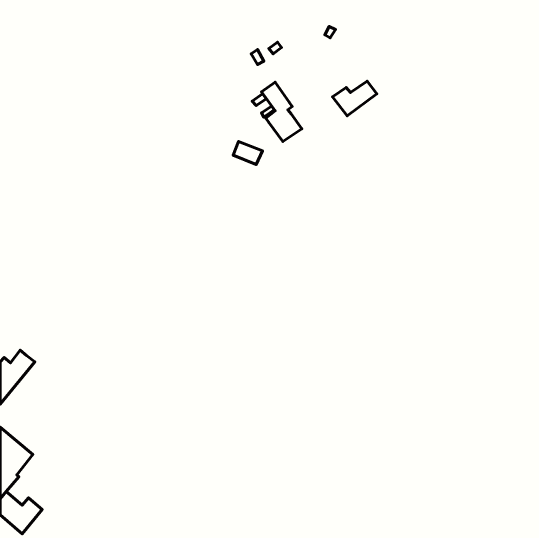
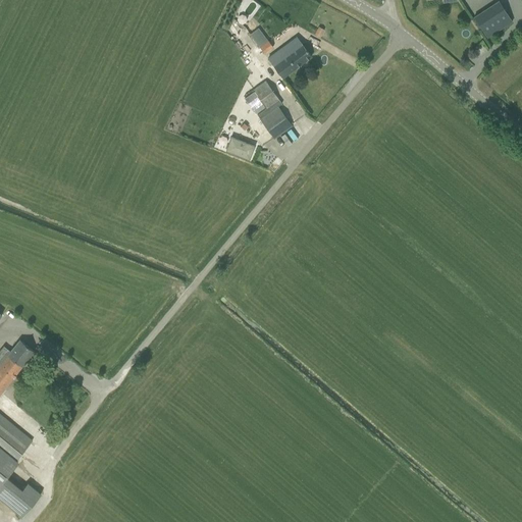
building: none -> [476,4,512,41]
building: [332,81,377,116] -> [268,43,311,76]

